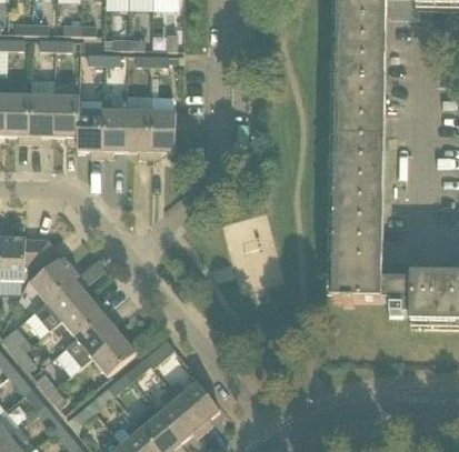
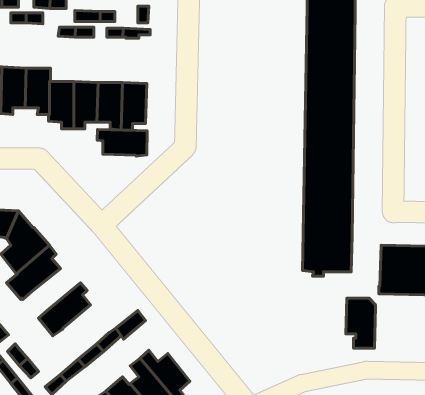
building: none -> [97,130,147,156]
building: [380,264,410,314] -> [346,298,376,348]
building: [59,297,108,339] -> none
building: [90,333,139,375] -> none

